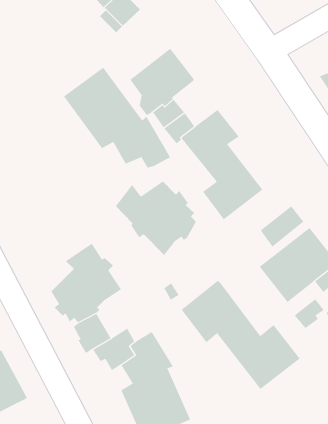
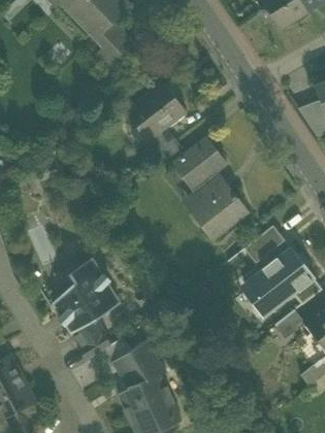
building: [63,67,171,169] -> none
building: [115,180,197,256] -> none
building: [181,280,301,390] -> none

